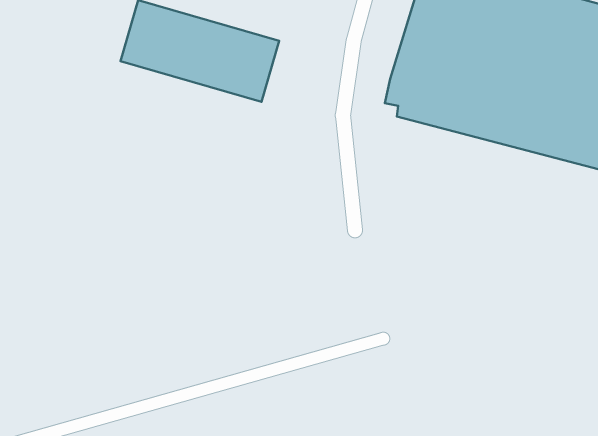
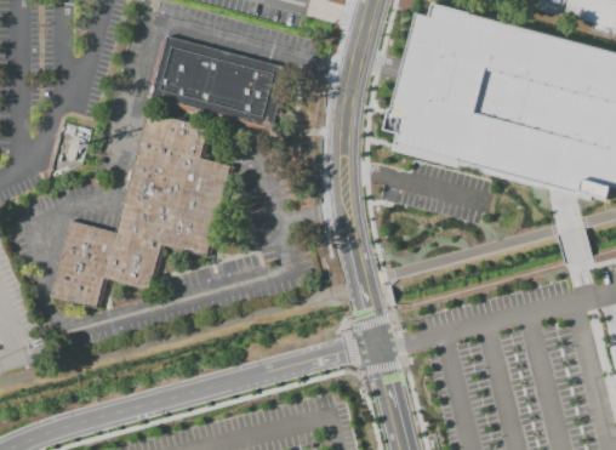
building: none -> [56,115,240,306]

